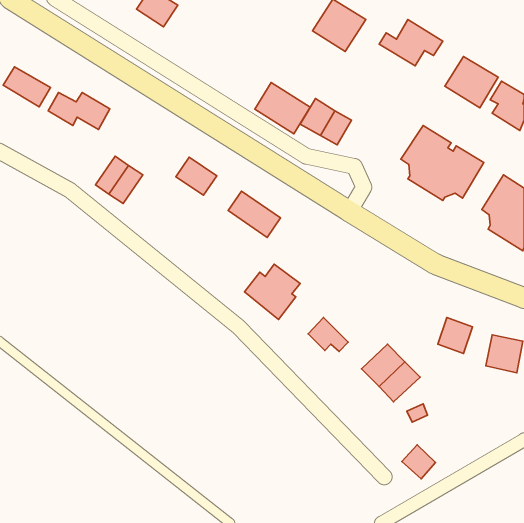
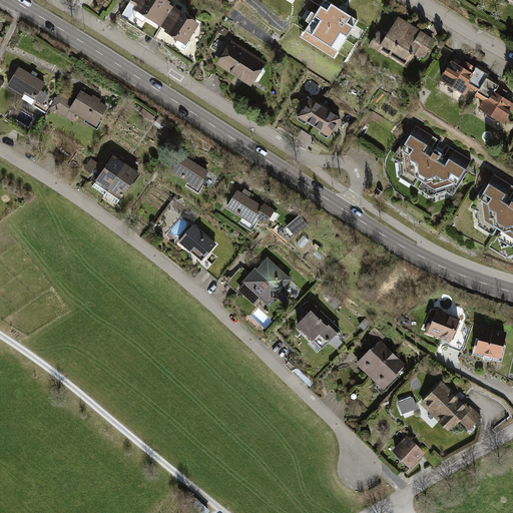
building: none -> [159,5,199,44]
building: [255,83,310,134] -> [212,38,267,88]
building: none -> [175,221,218,264]
building: none -> [418,378,482,439]

